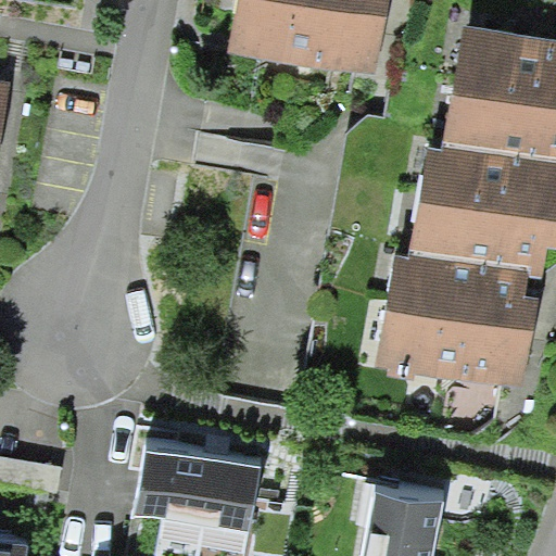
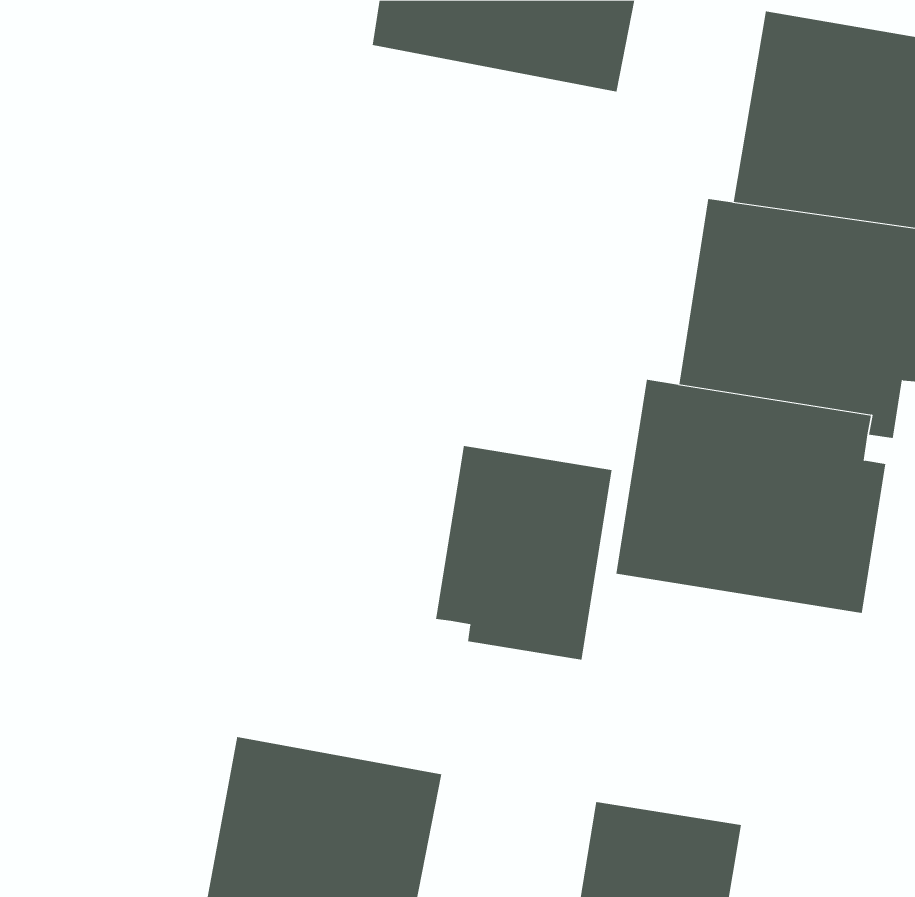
building: none -> [435,445,612,660]

